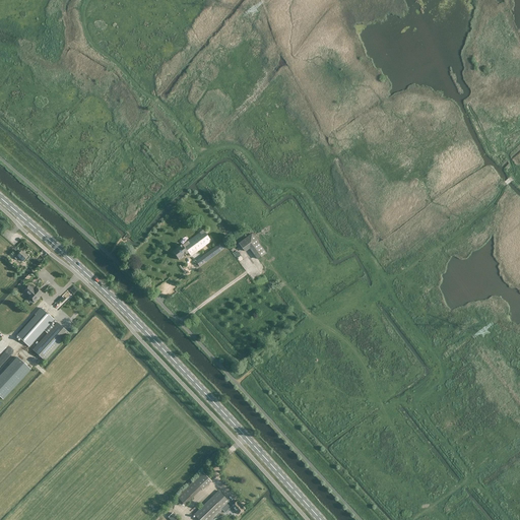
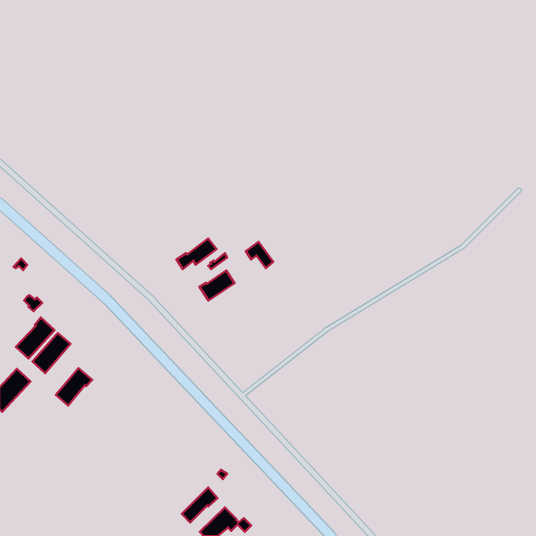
building: none -> [199,271,235,300]
building: none -> [56,368,92,405]

